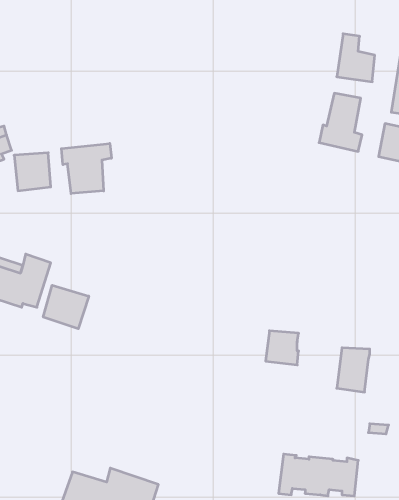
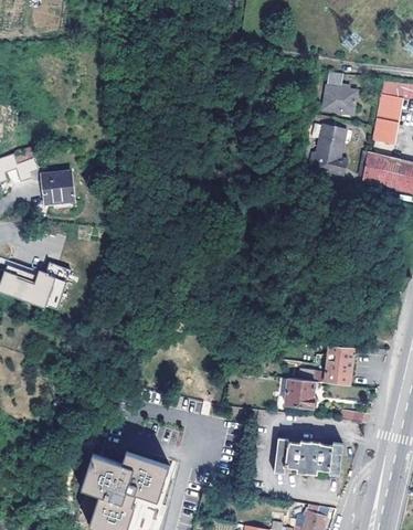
building: [61,143,111,194] -> none
building: [43,285,89,329] -> none
building: [266,331,299,365] -> [285,378,314,407]

